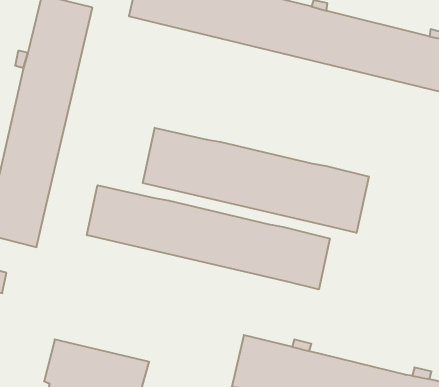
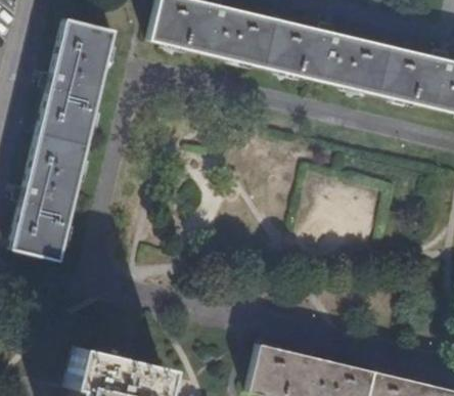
building: [143,128,369,233] -> none
building: [87,185,330,289] -> none

